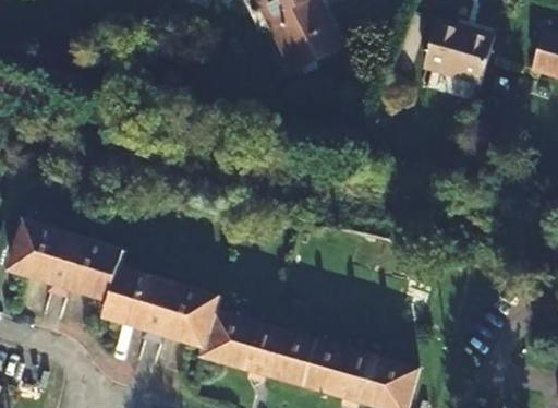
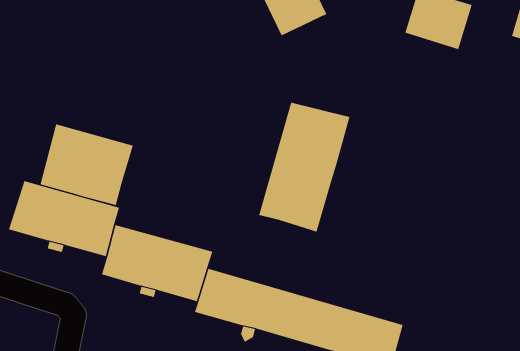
building: none -> [259,102,350,232]
building: none -> [40,123,133,206]

